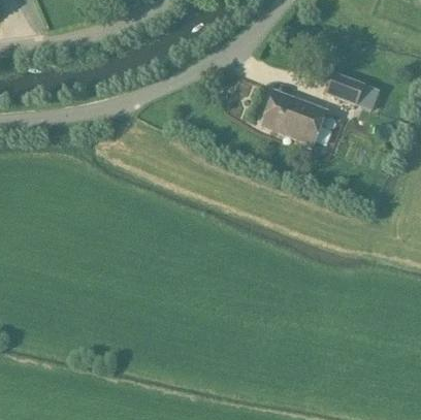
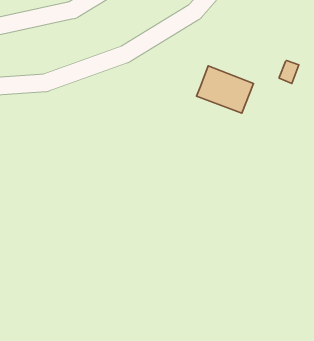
building: [325,69,366,103] -> none

